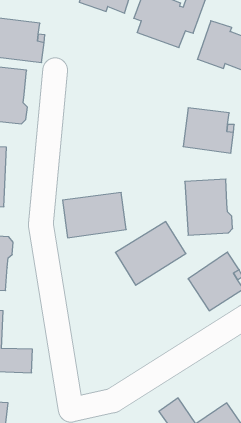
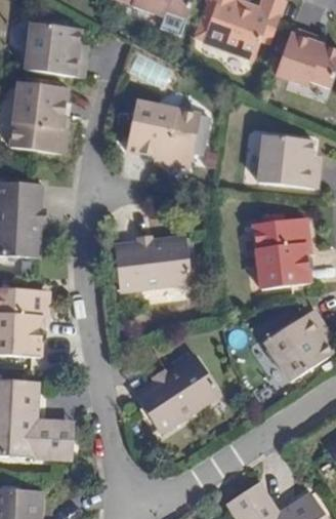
building: none -> [123,94,198,162]
building: [115,222,186,285] -> [137,356,223,434]

